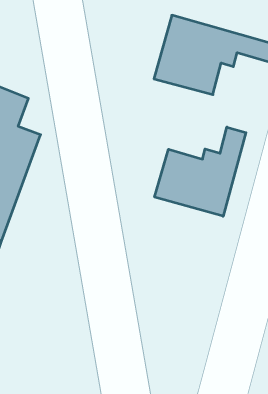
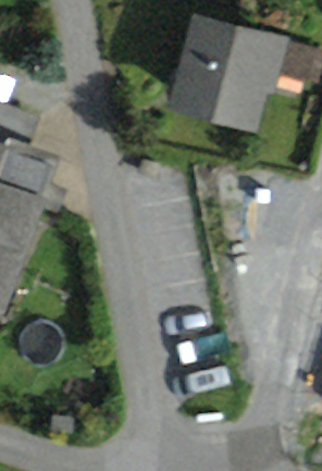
building: [155,127,246,216] -> none

